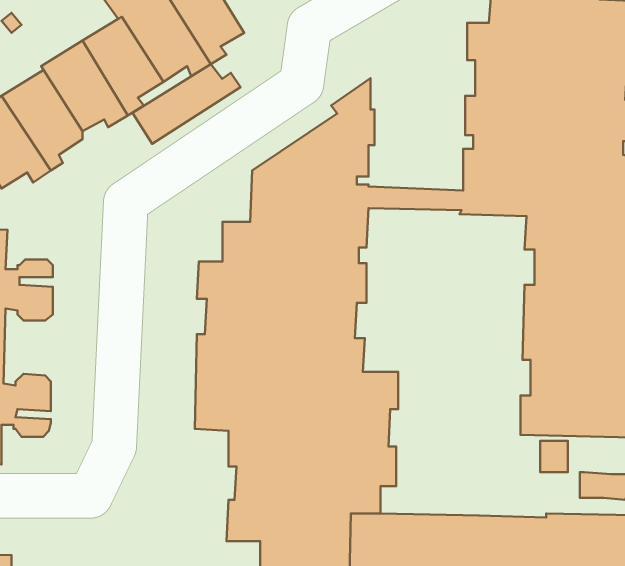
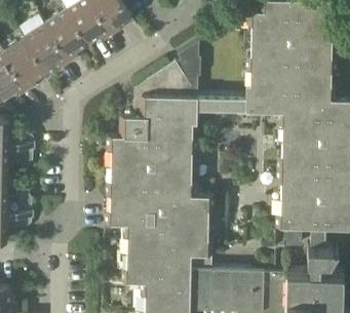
building: [133,64,240,144] -> none

